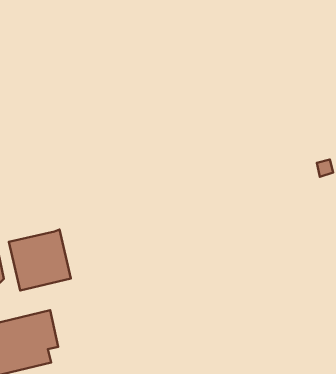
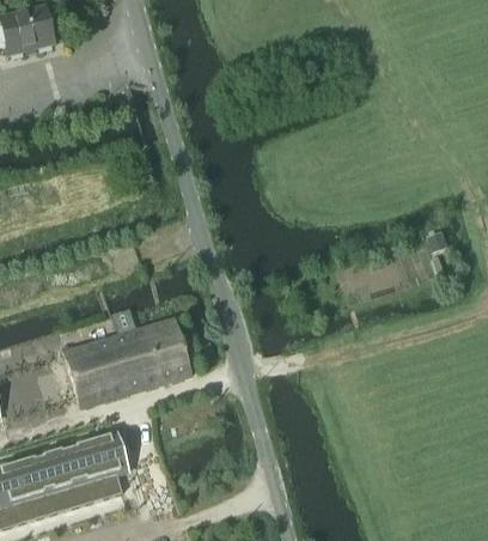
building: none -> [112,310,191,390]

